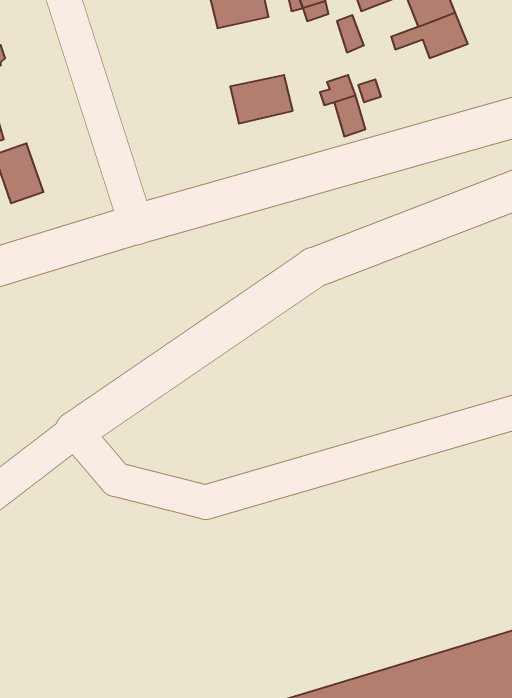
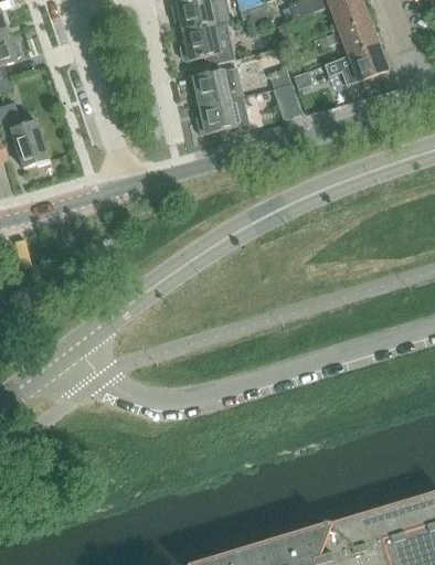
building: none -> [180,22,233,63]
building: none -> [316,43,386,79]
building: none -> [195,95,250,139]

